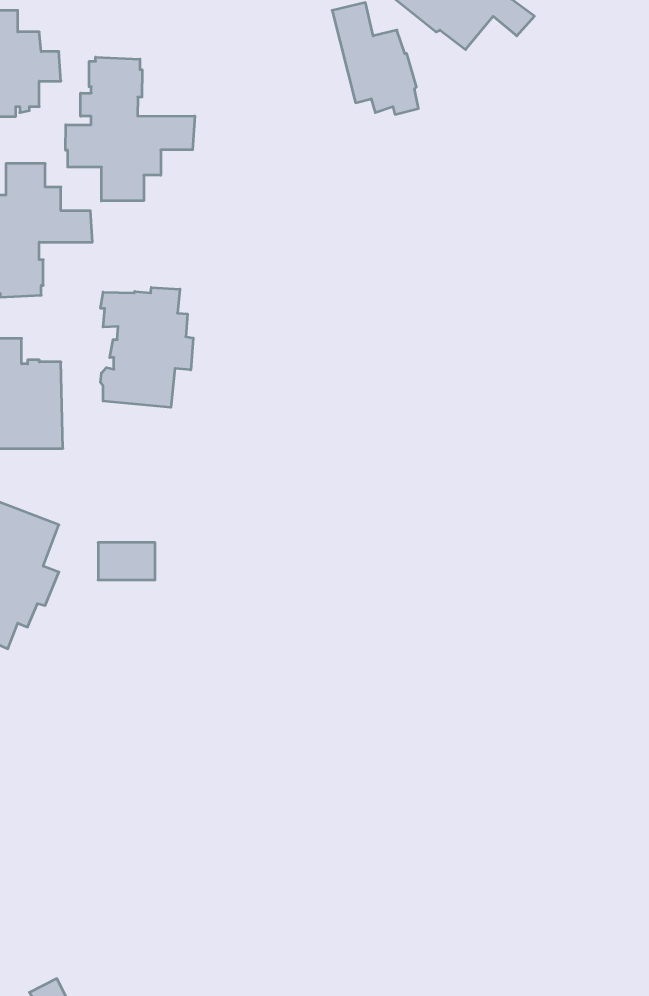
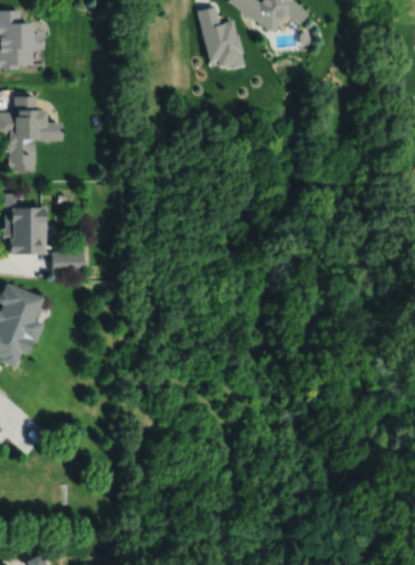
building: [66,57,195,201] -> none
building: [101,287,193,407] -> none
building: [98,543,155,580] -> [53,252,85,273]

